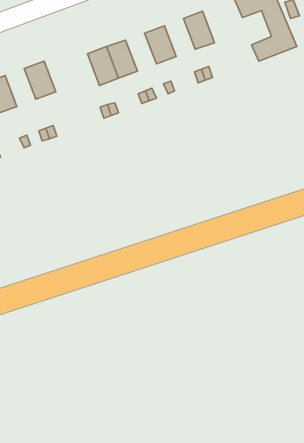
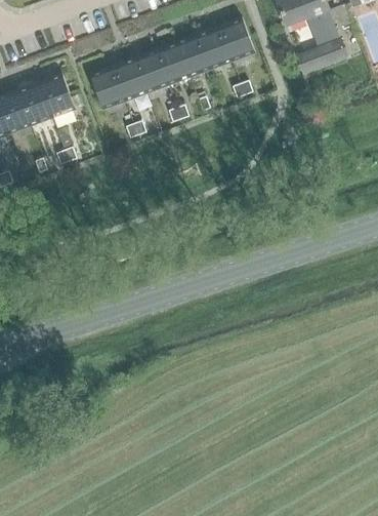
building: none -> [198,26,233,69]
building: none -> [154,42,188,85]
building: none -> [89,66,124,110]
building: none -> [17,82,52,125]

